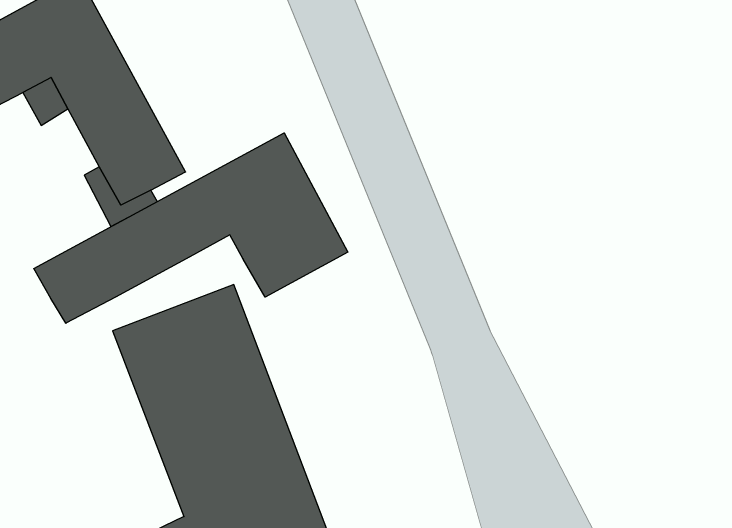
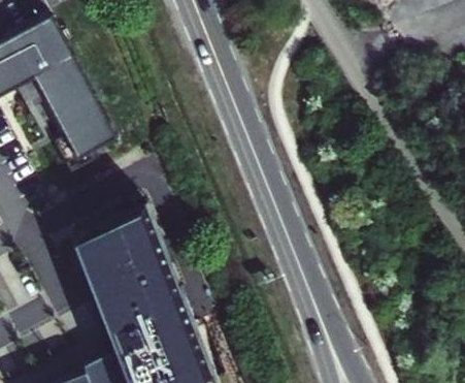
building: [34,133,348,323] -> none

